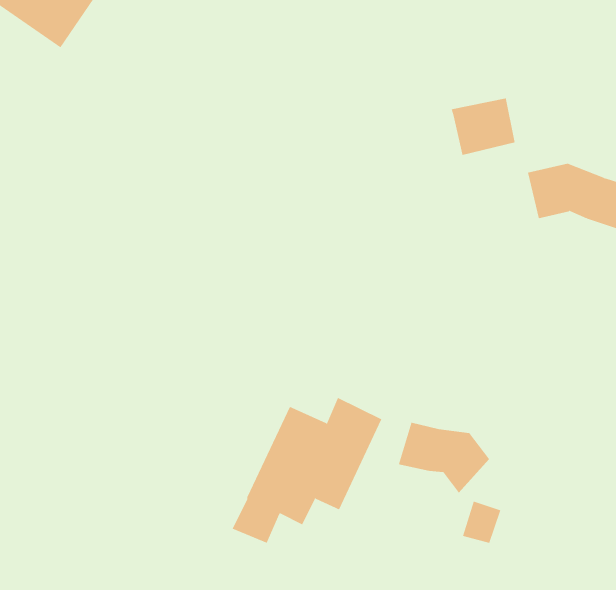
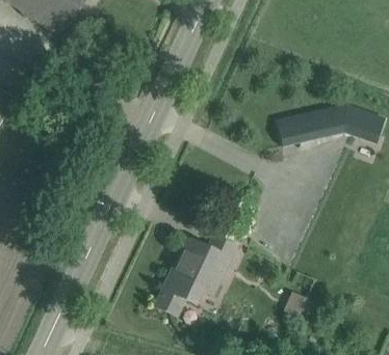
building: [451,98,516,155] -> [275,111,311,143]
building: [398,422,490,493] -> none

